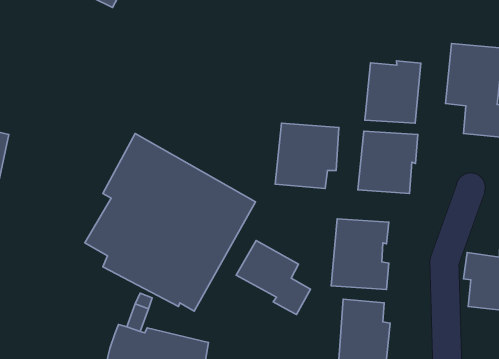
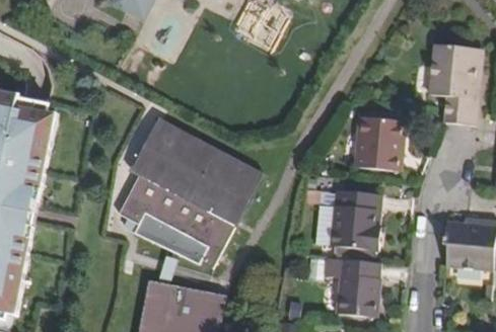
building: [365,61,421,123] -> none
building: [275,123,339,188] -> none
building: [236,240,311,314] -> none

